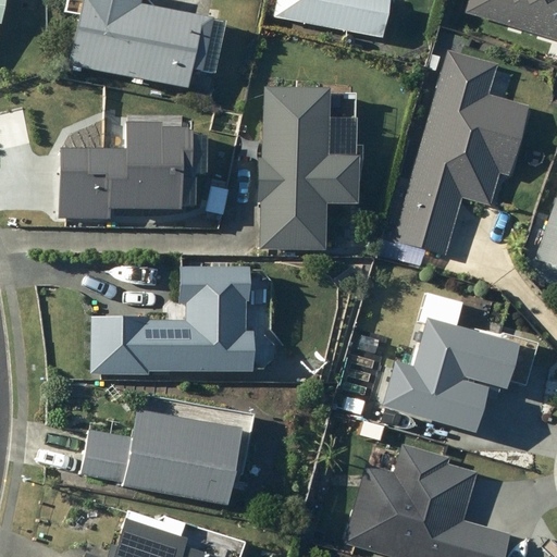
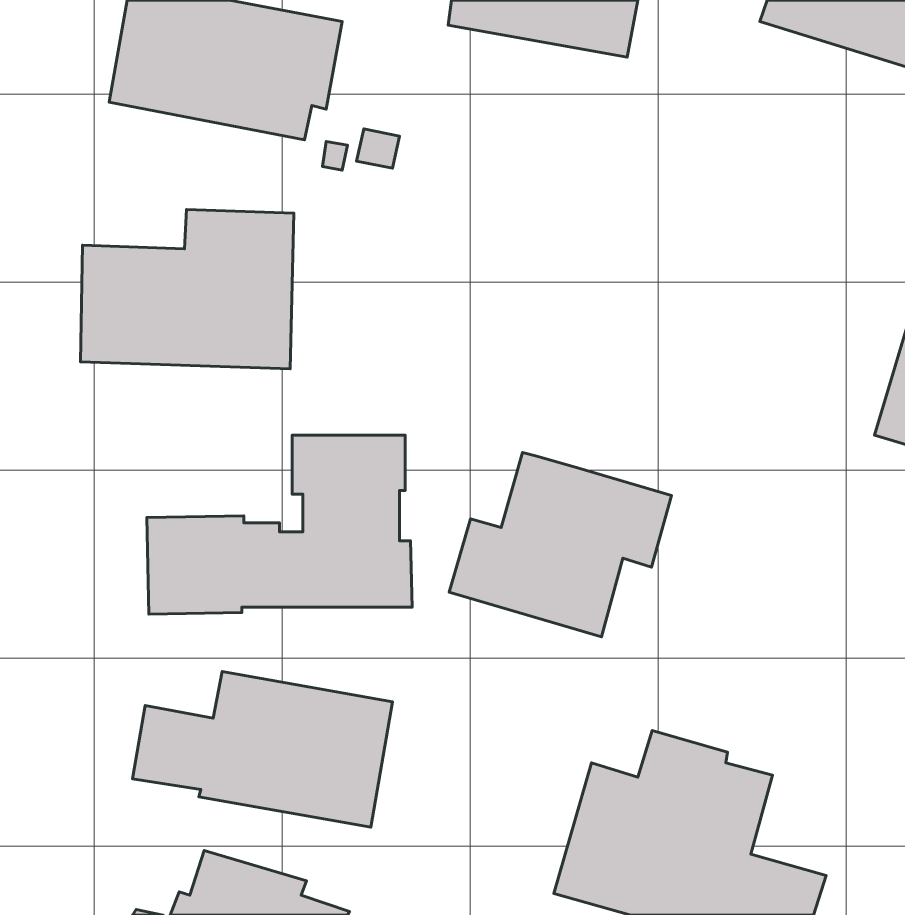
building: [398,55,528,257] -> none
building: [261,84,362,248] -> none
building: [376,324,511,436] -> [449,452,671,637]

